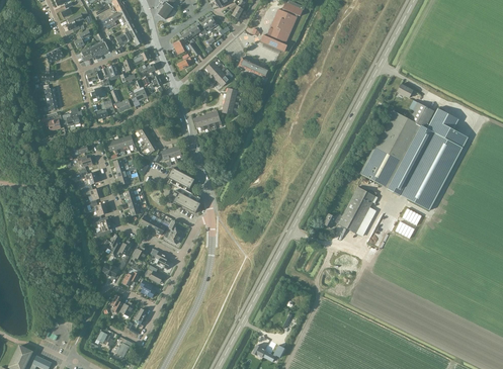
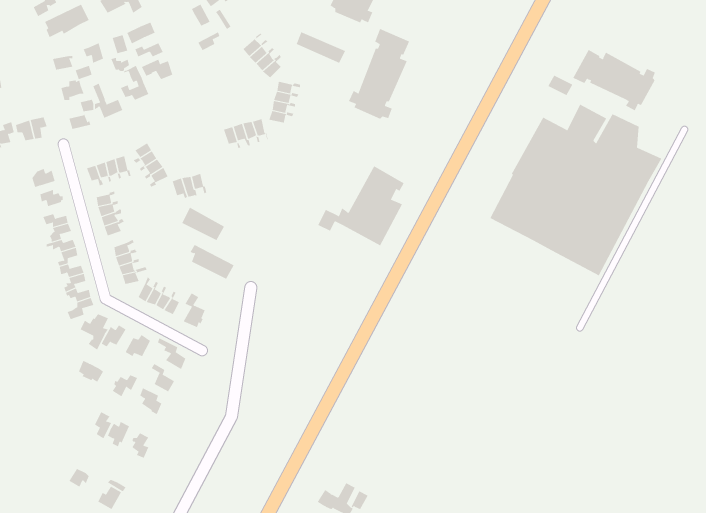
building: none -> [348,28,410,119]
building: none -> [573,49,656,111]
building: [323,186,378,237] -> [317,166,405,246]

